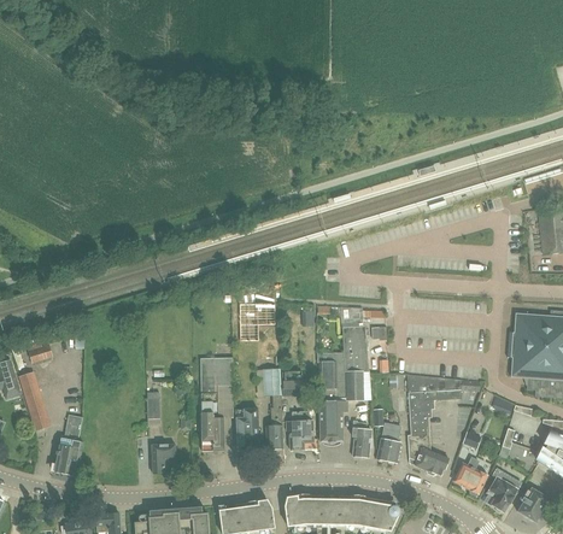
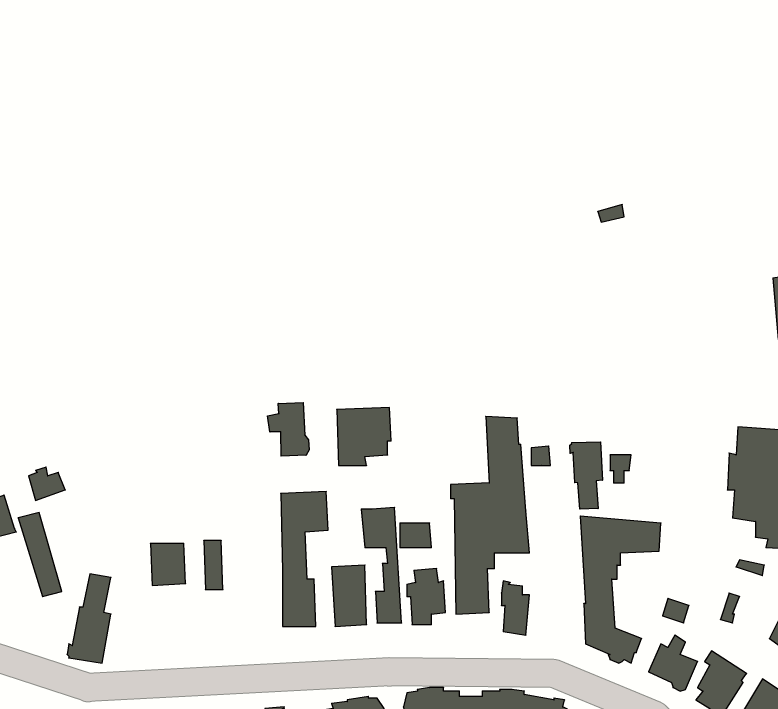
building: none -> [268,403,309,456]
building: none -> [570,442,602,509]
building: [376,427,401,462] -> none
building: [152,444,176,473] -> [150,543,186,585]

